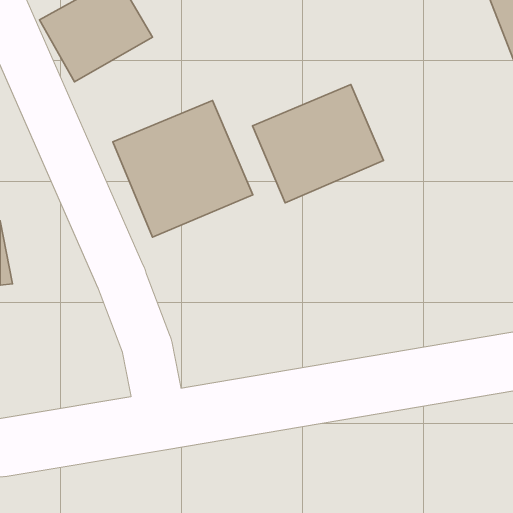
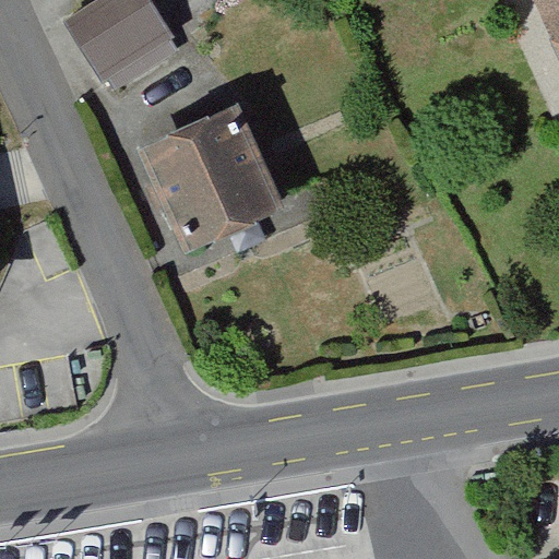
building: [252,85,383,203] -> none

